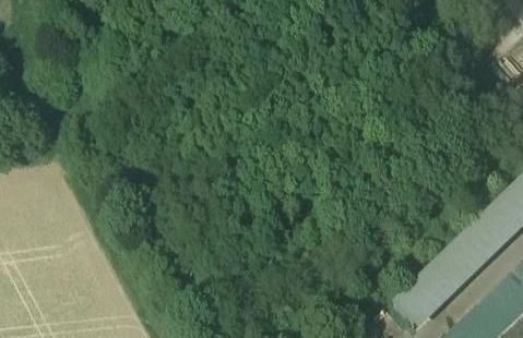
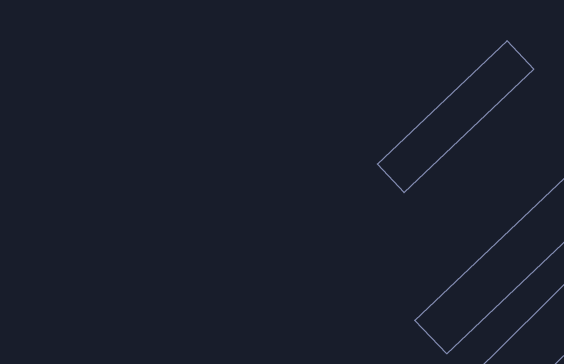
building: none -> [377,41,534,193]

